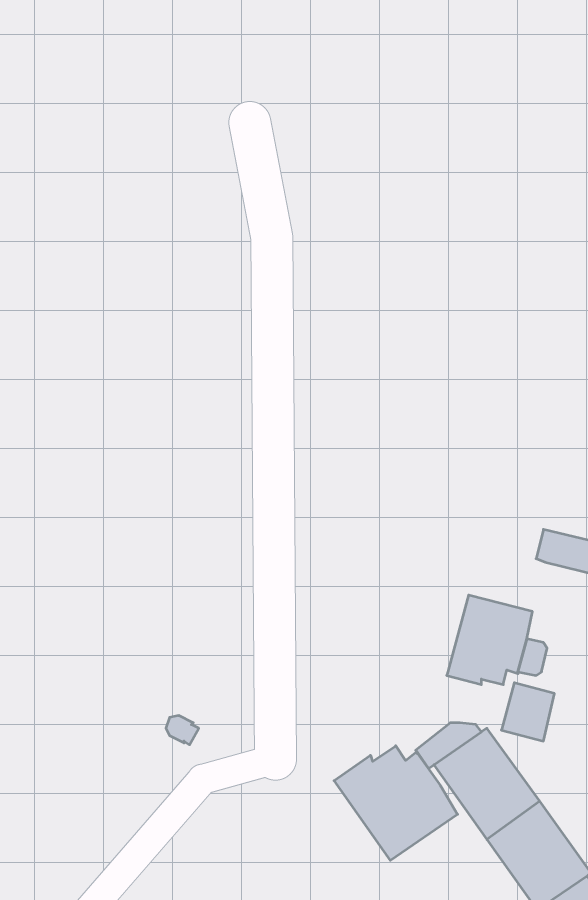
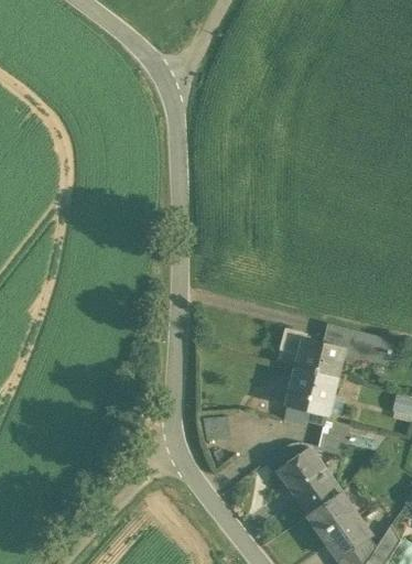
building: none -> [281,329,344,378]
building: [334,746,458,860] -> none

